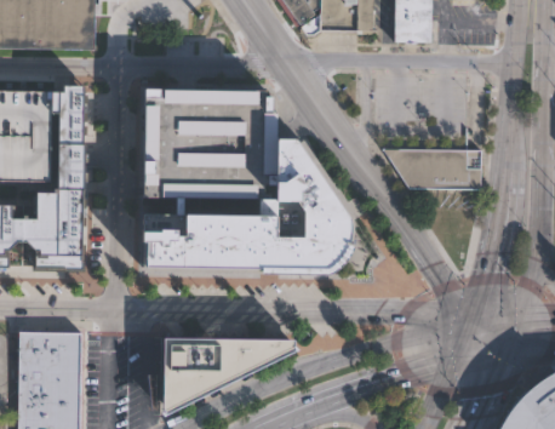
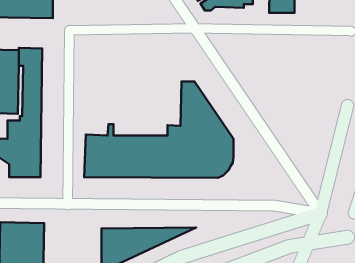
building: [141,87,274,199] -> none
building: [395,149,480,189] -> none

